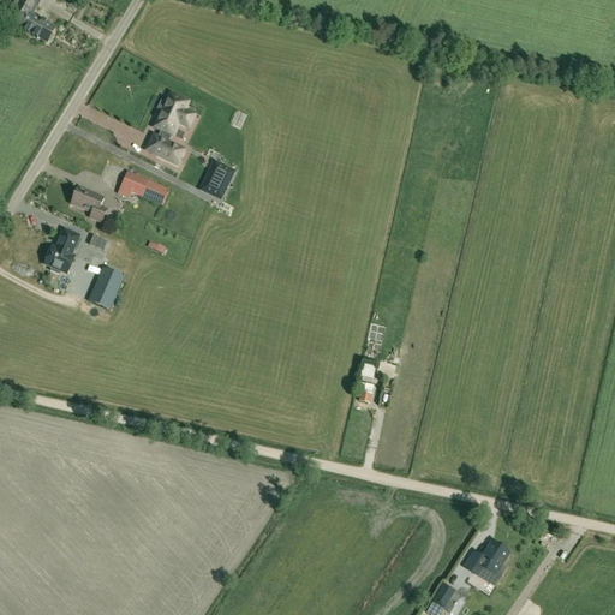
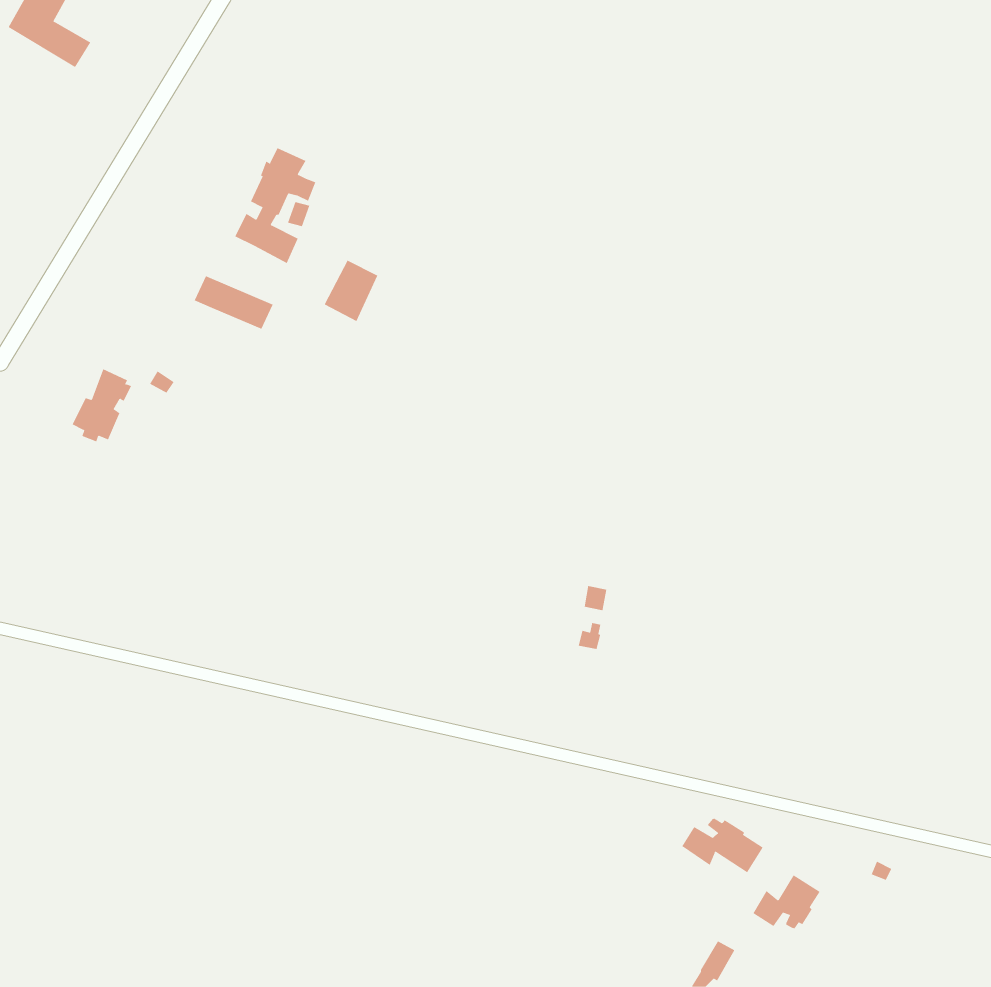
building: [71,185,107,222] -> none
building: [89,268,124,310] -> none
building: none -> [681,818,763,873]

